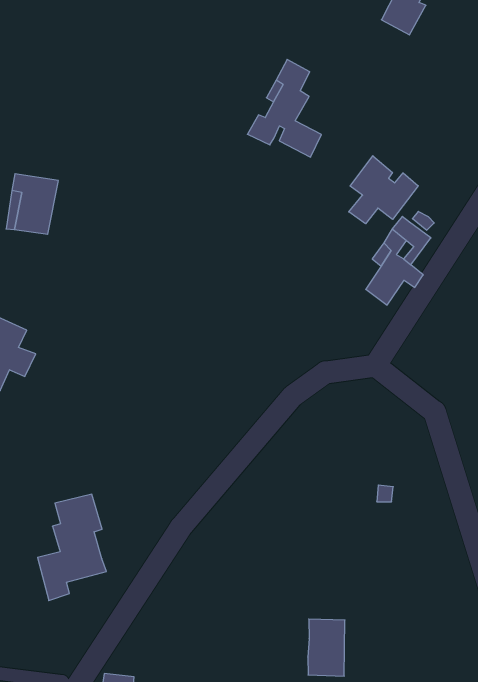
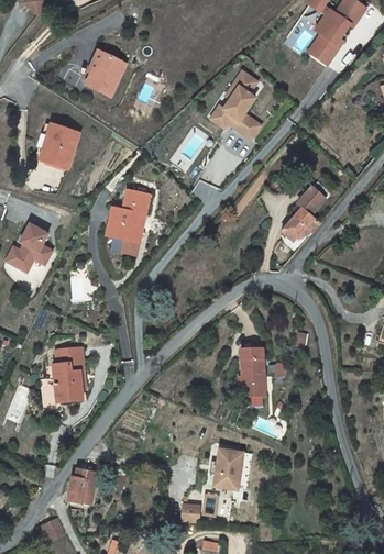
building: none -> [86,51,125,97]
building: [349,156,418,224] -> none
building: none -> [106,189,150,255]
building: none -> [234,346,264,407]

